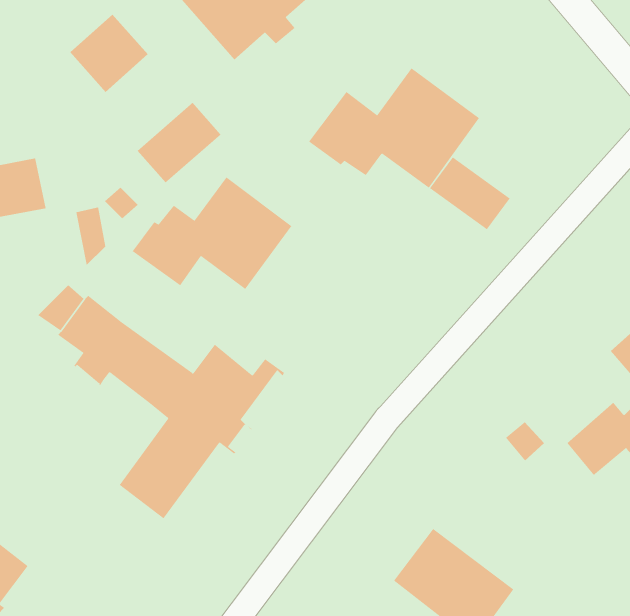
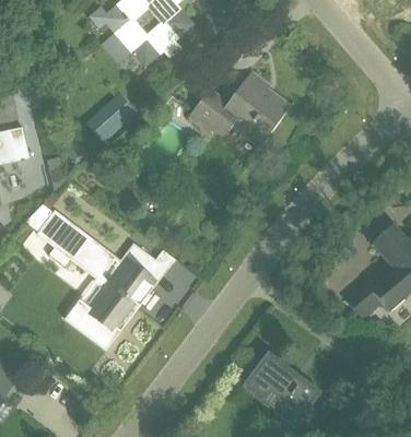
building: [70,14,148,93] -> none
building: [429,157,510,230] -> none
building: [132,176,292,290] -> none

